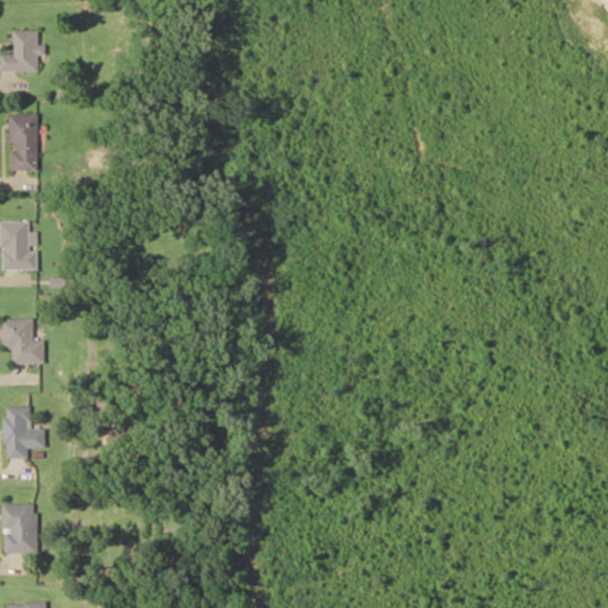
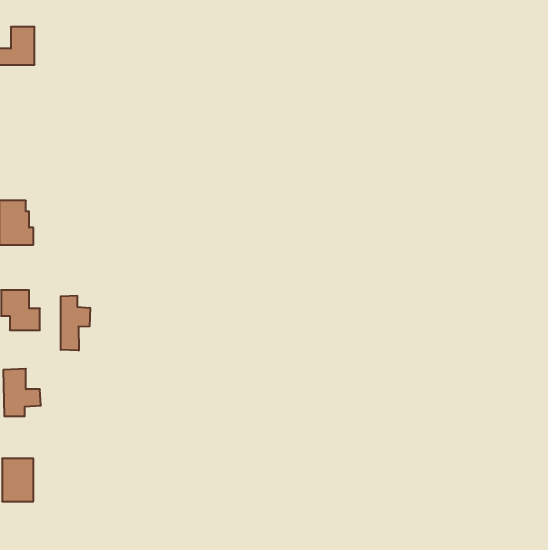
building: [8,113,37,169] -> none
building: none -> [61,296,90,351]

